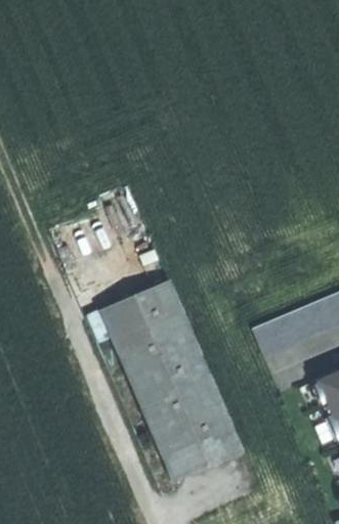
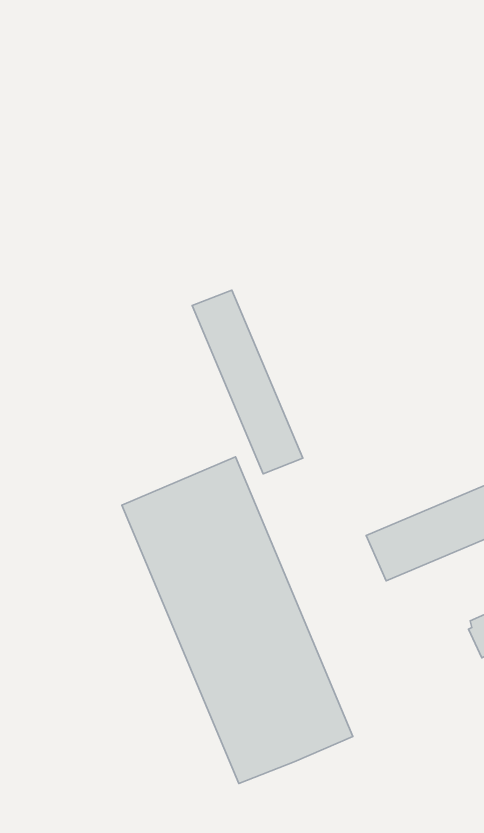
building: none -> [192,290,303,474]

